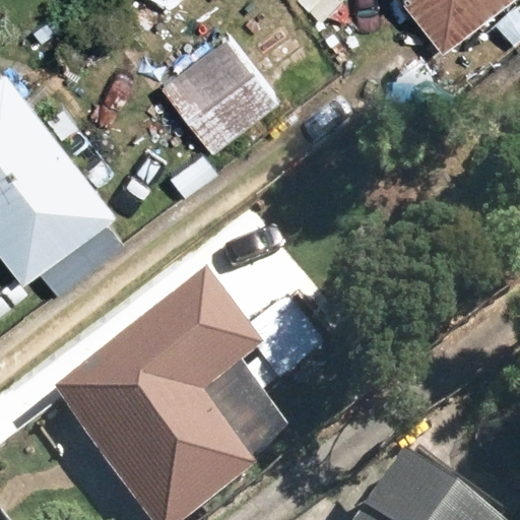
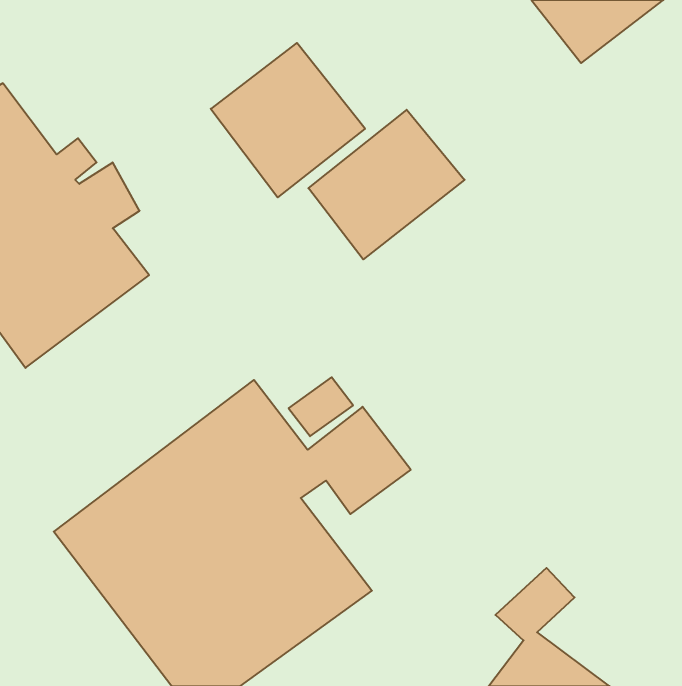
building: none -> [308,110,465,259]

